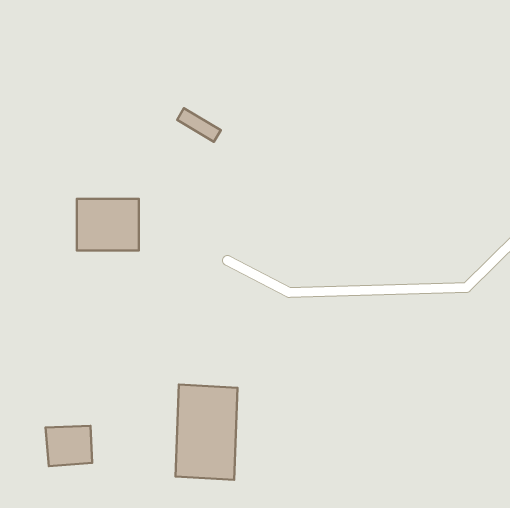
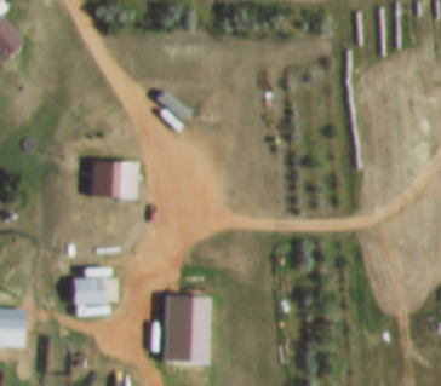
building: [45,426,92,466] -> [70,277,104,306]

